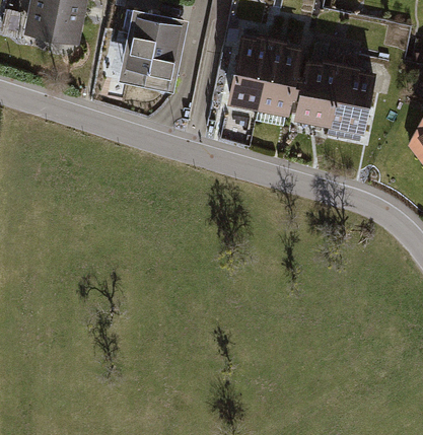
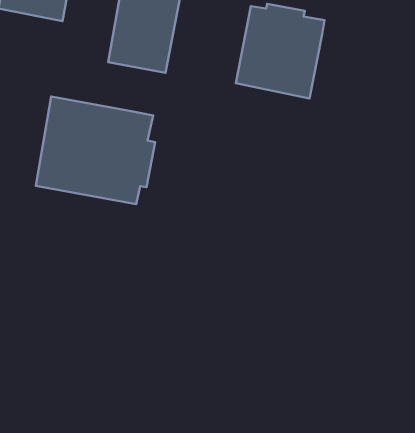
building: [292,59,376,141] -> none
building: none -> [36,97,155,204]

